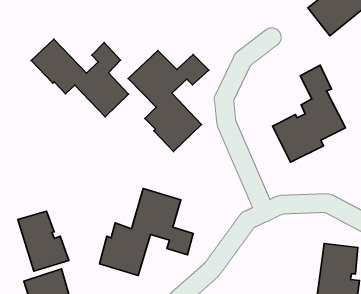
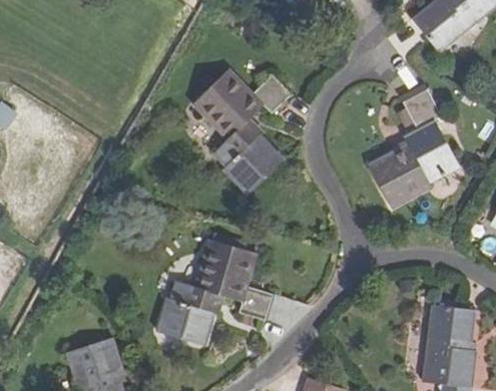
building: [31,39,128,117] -> none
building: [18,211,69,271] -> none

